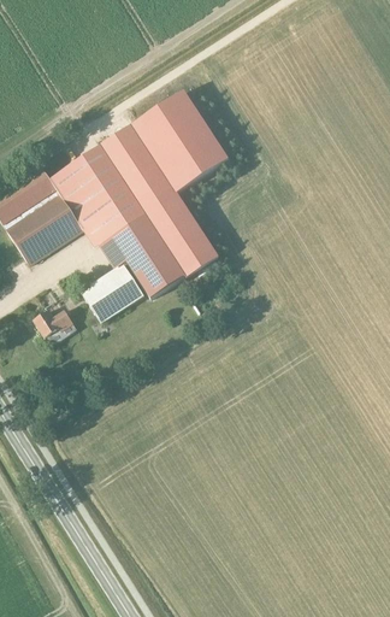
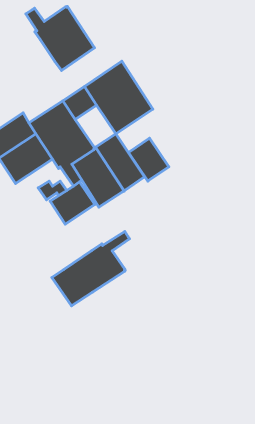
building: none -> [26,6,95,70]
building: [117,152,175,213] -> [128,138,169,181]
building: [34,310,75,336] -> [38,181,67,200]
building: none -> [52,231,129,306]

